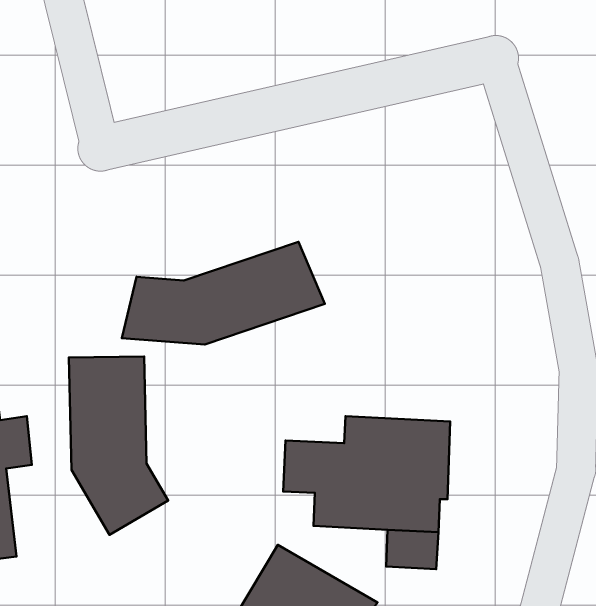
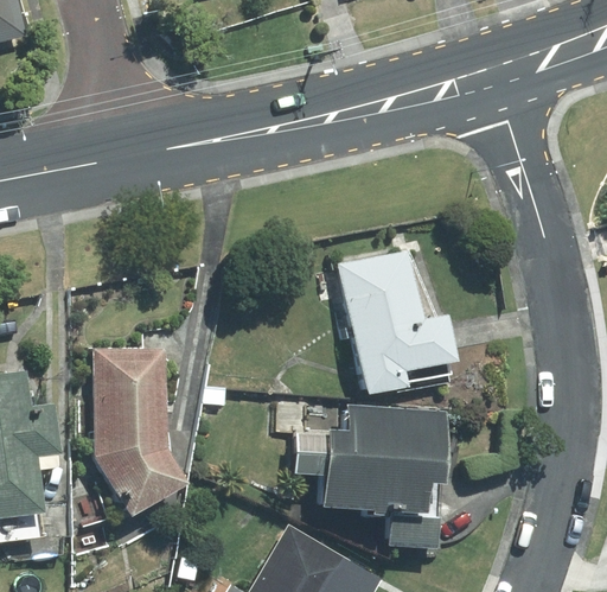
building: [122,242,325,345] -> none
building: none -> [339,250,455,396]

